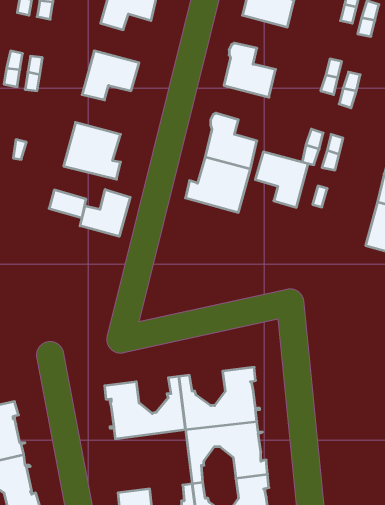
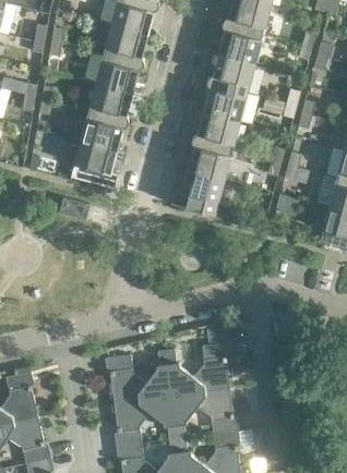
building: none -> [95,52,143,93]
building: none -> [211,53,254,98]
building: none -> [80,111,128,151]
building: [255,152,308,207] -> [195,111,239,157]
building: [80,189,130,236] -> none
building: none -> [110,395,176,447]

